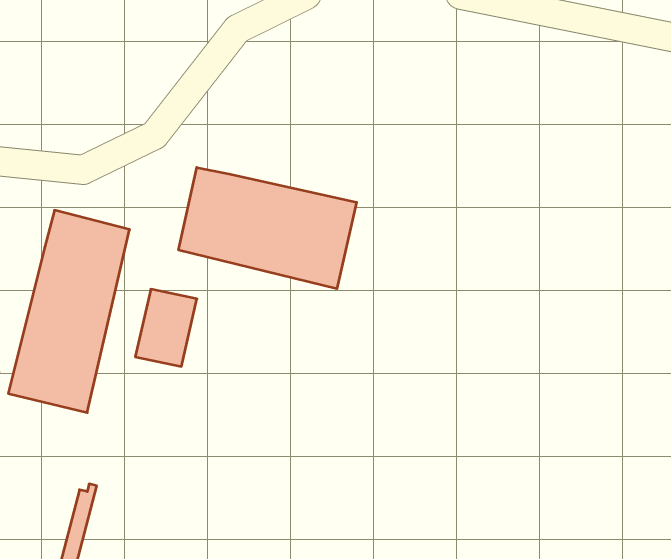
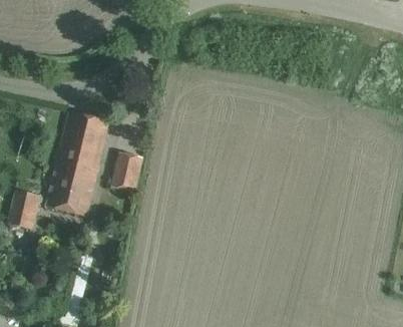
building: [179,167,357,289] -> none

